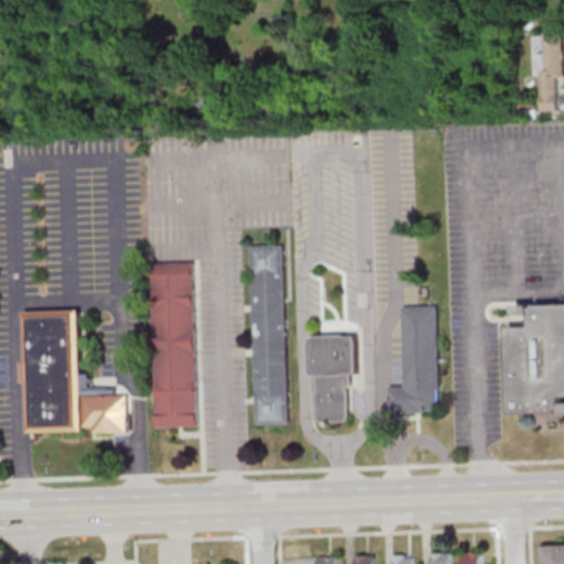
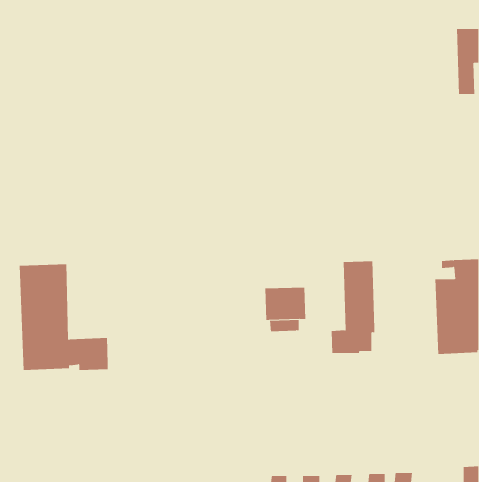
building: [249,245,288,424] -> none
building: [150,262,196,427] -> none
building: [315,387,346,421] -> none

